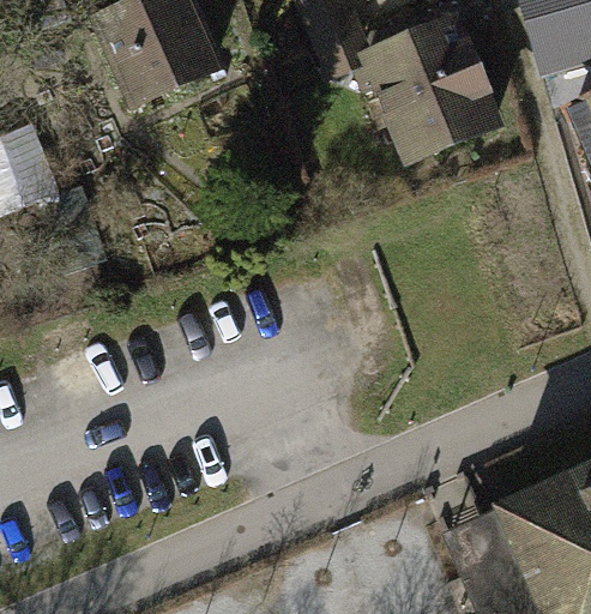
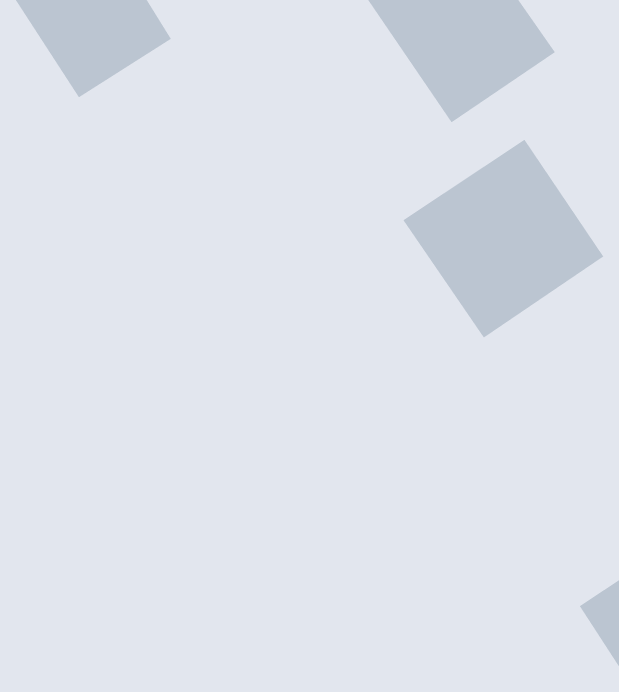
building: none -> [403,139,604,339]

